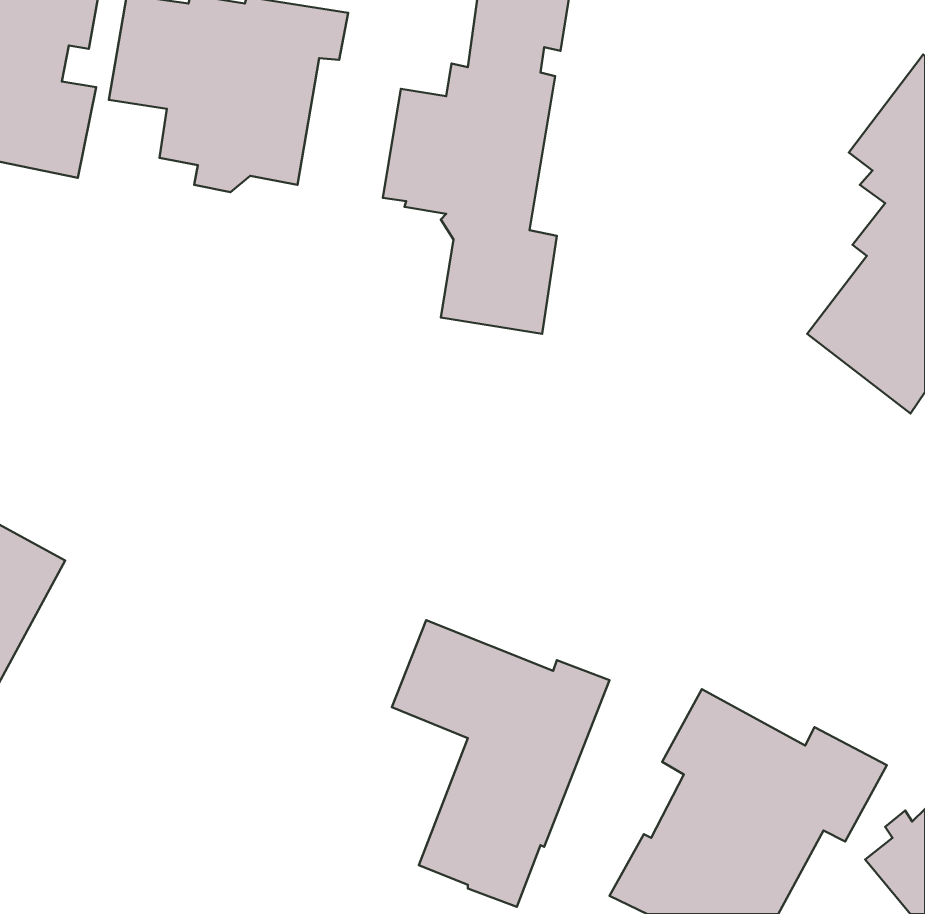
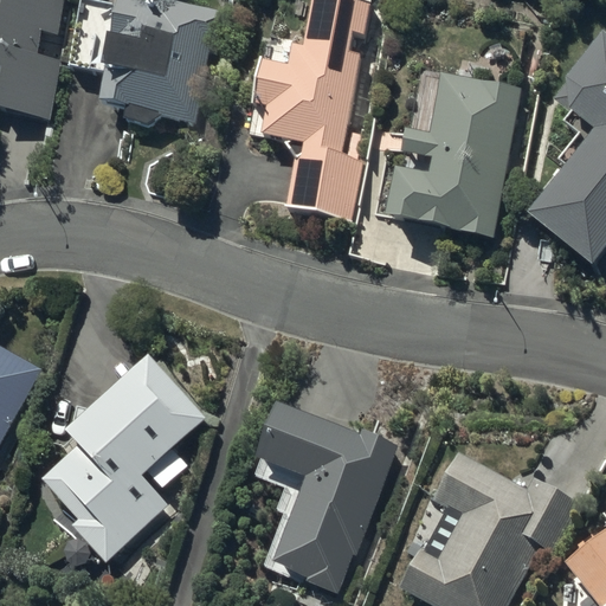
building: none -> [388,69,520,234]
building: none -> [46,357,211,561]

